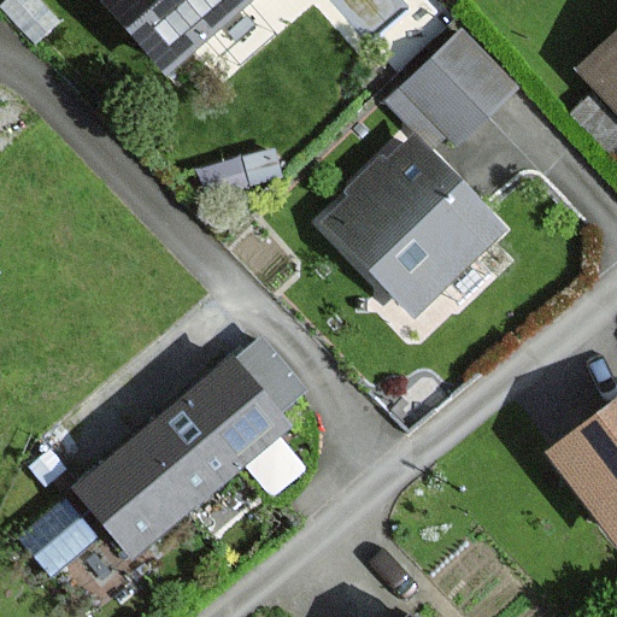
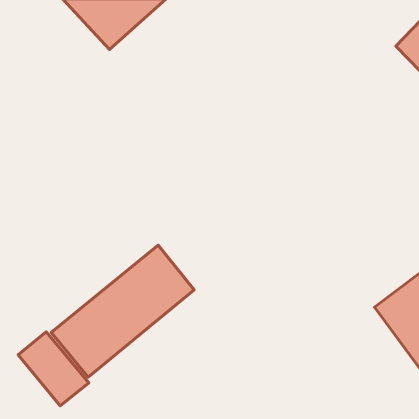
building: [410,34,512,136] -> none
building: [327,136,503,312] -> none

